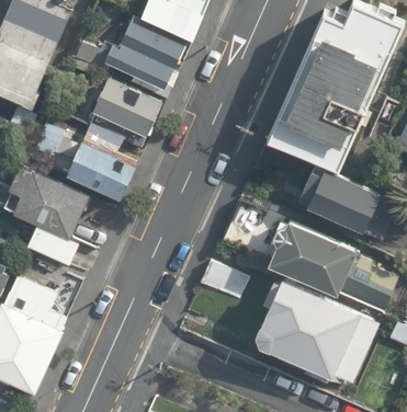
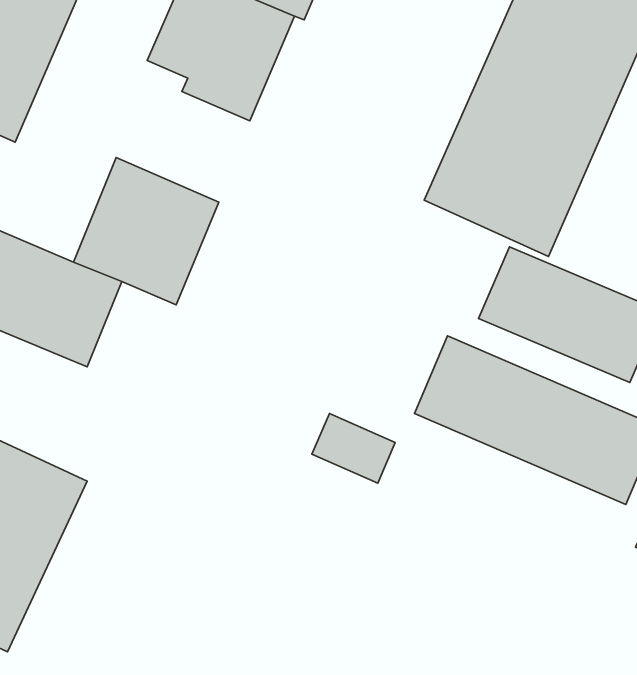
building: [89,73,167,144] -> none
building: [246,275,376,382] -> none

